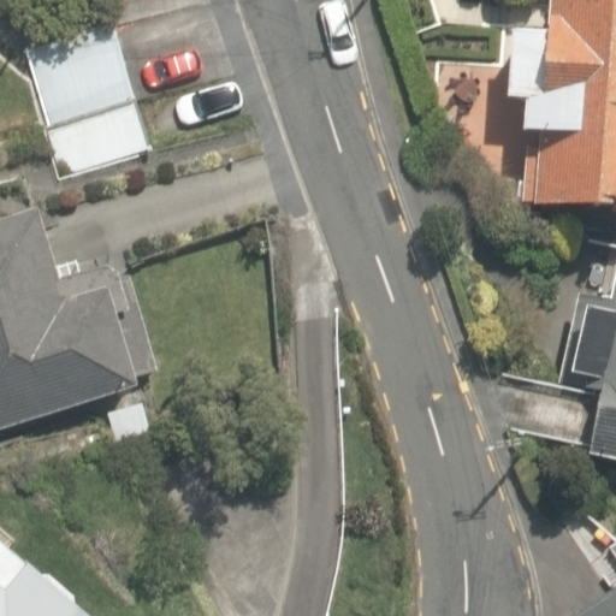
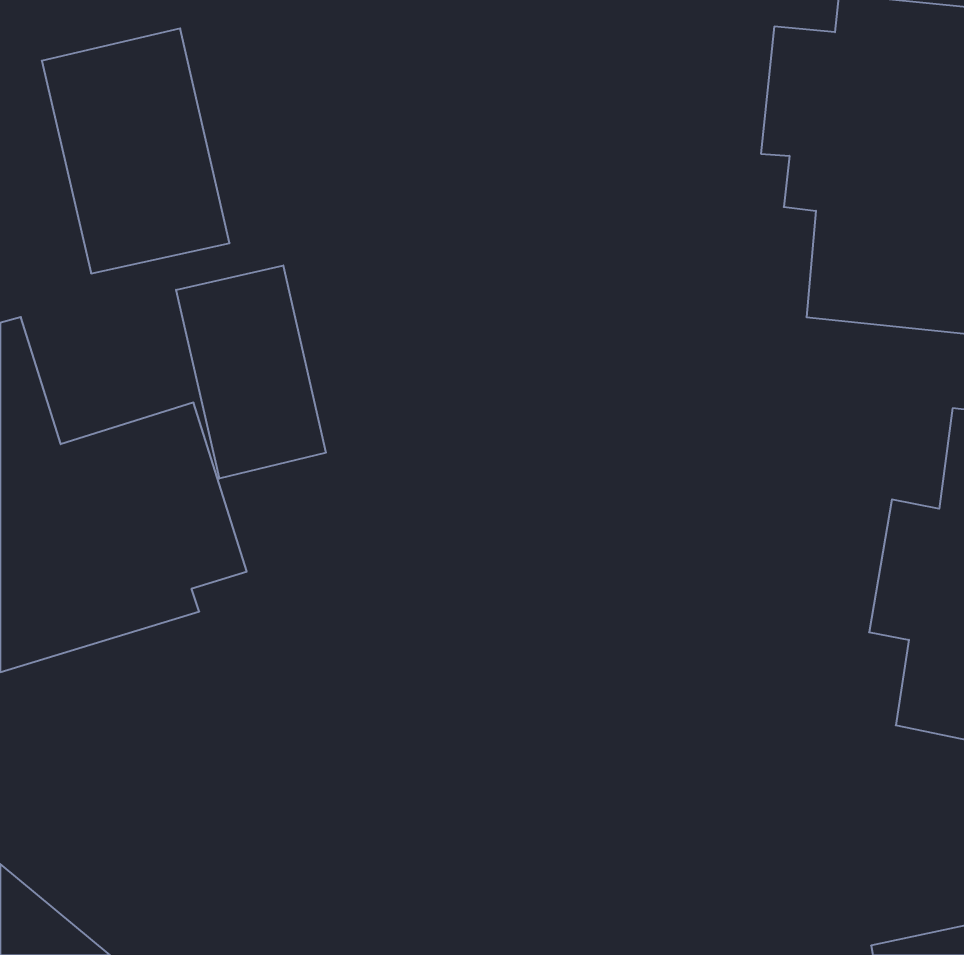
building: none -> [176,265,326,479]

